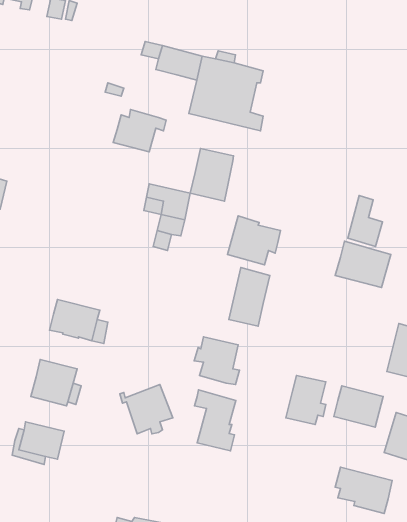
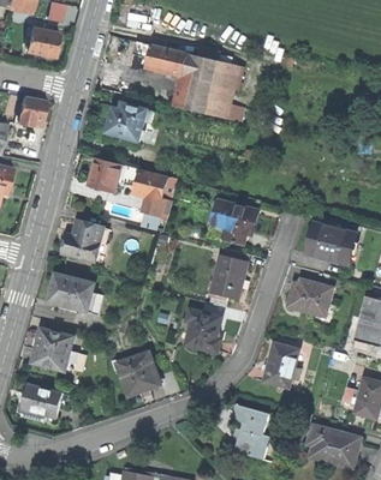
building: none -> [25,26,56,55]
building: none -> [17,96,46,125]
building: [190,149,234,201] -> none
building: none -> [87,157,121,192]
building: [348,196,382,246] -> none
building: none -> [61,221,108,260]
building: [334,386,383,427] -> [287,277,332,314]
building: [194,390,236,451] -> [230,403,267,458]

